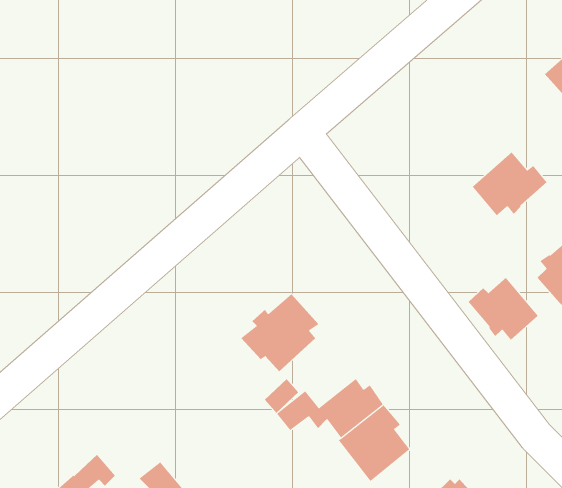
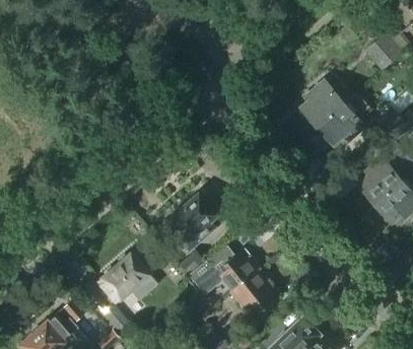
building: none -> [301,77,343,125]
building: [468,277,539,340] -> none
building: none -> [97,251,156,302]

